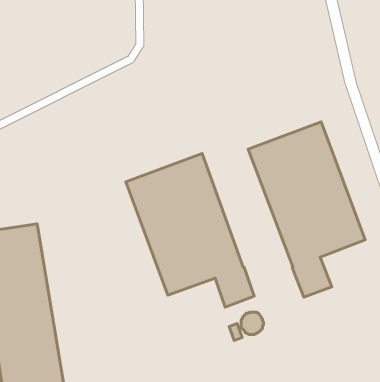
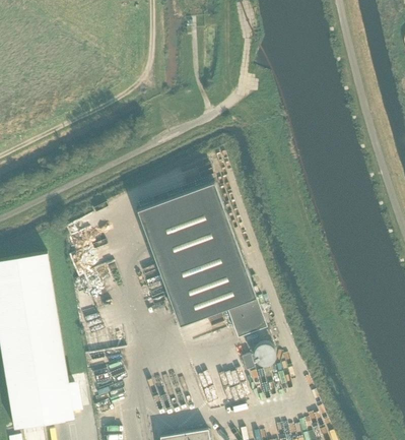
building: [248,122,365,297] -> none

